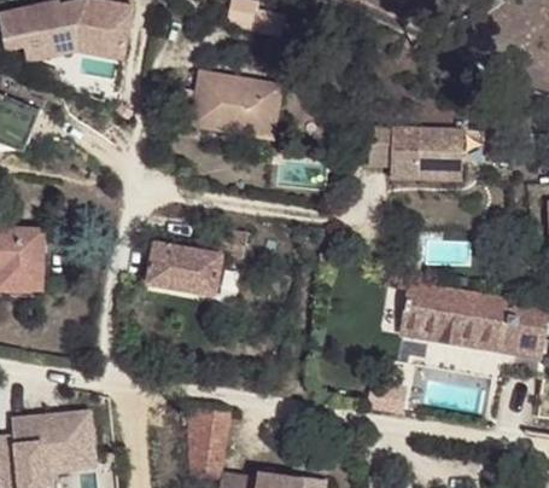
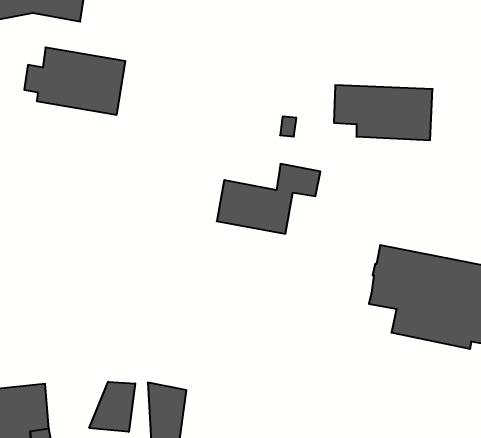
building: [175,75,273,140] -> [24,47,125,115]
building: [148,220,249,287] -> [217,164,320,234]
building: none -> [89,382,135,432]

